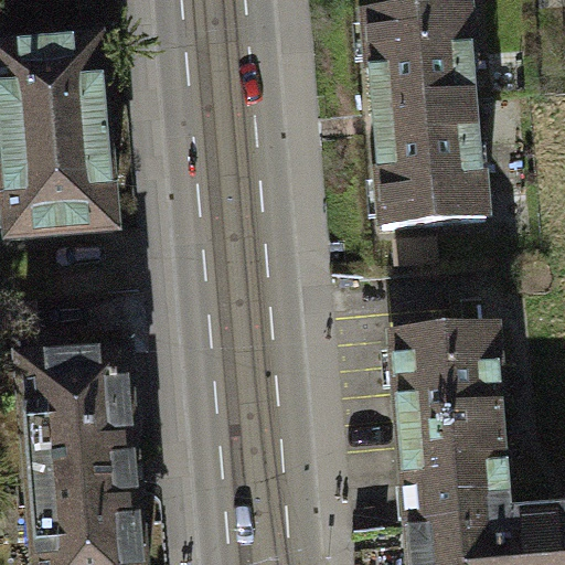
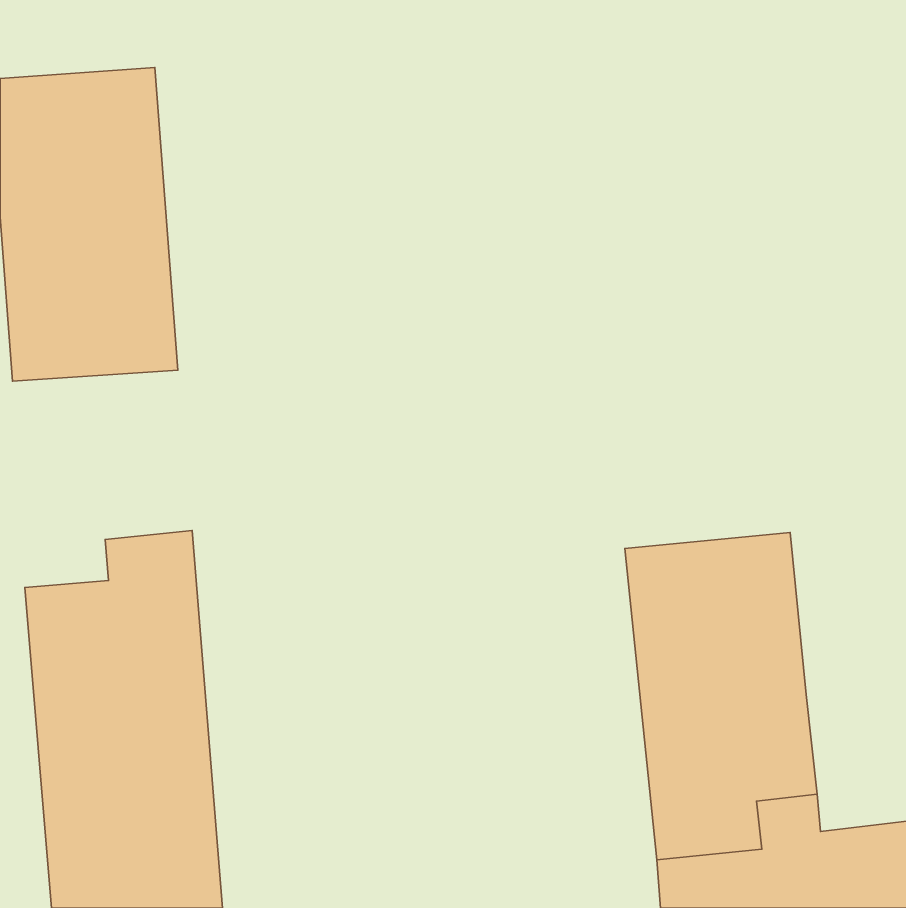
building: [366,9,484,227] -> none

